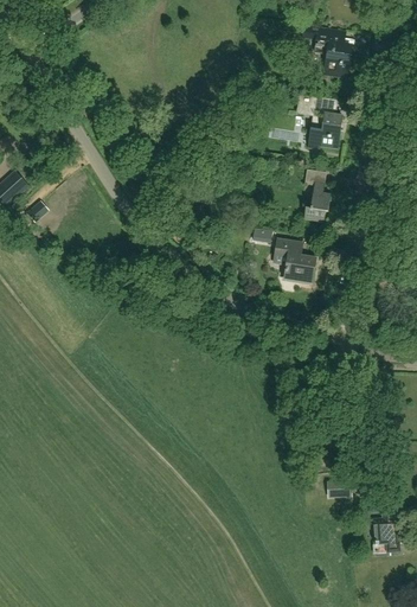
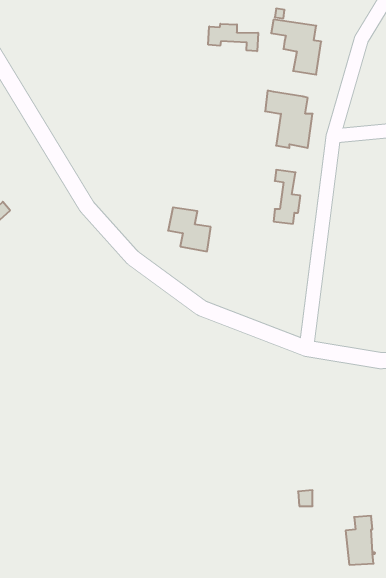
building: none -> [208,24,258,51]
building: [274,239,315,282] -> [168,207,211,251]

